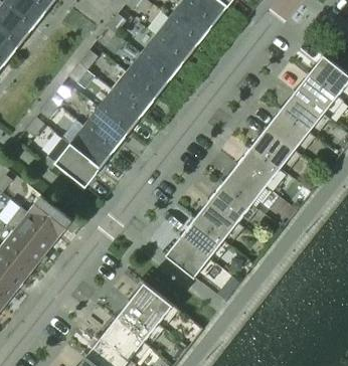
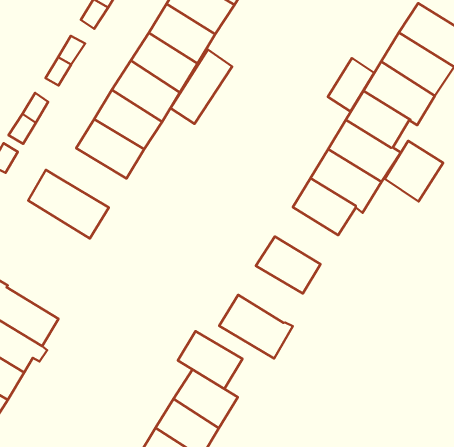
building: none -> [170,50,232,124]
building: none -> [328,58,374,112]
building: [68,126,114,168] -> none
building: none -> [385,141,443,202]
building: [208,182,250,222] -> none
building: [25,195,77,238] -> none
building: [179,218,222,258] -> [178,331,242,388]

